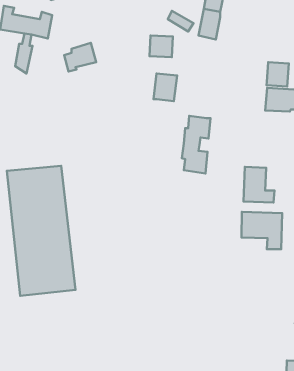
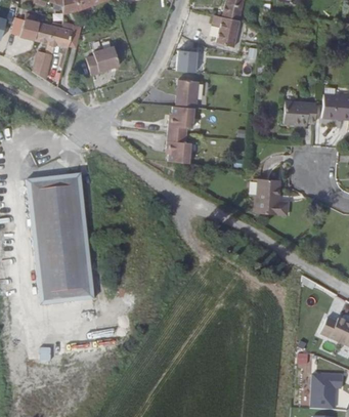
building: [266,62,289,86] -> none
building: [182,116,211,173] -> [169,111,198,168]
building: [241,212,282,249] -> none

